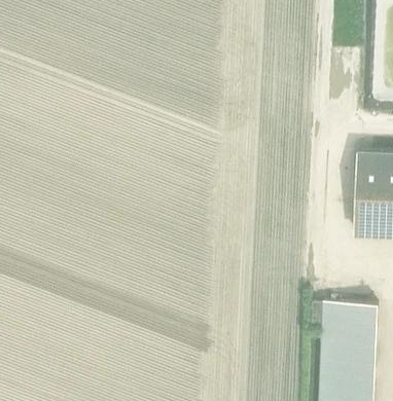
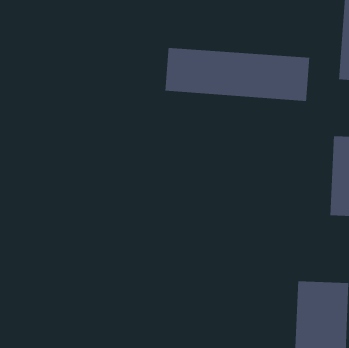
building: none -> [164,47,310,102]

